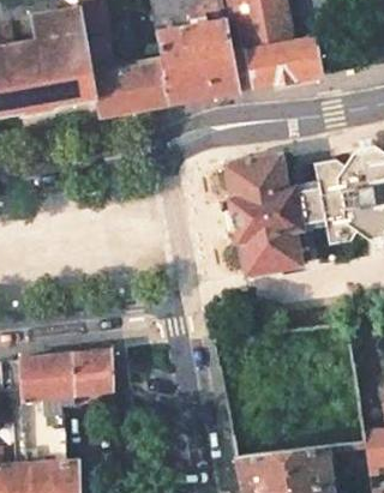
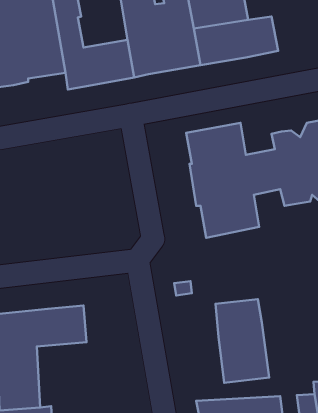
building: none -> [216,299,269,383]

